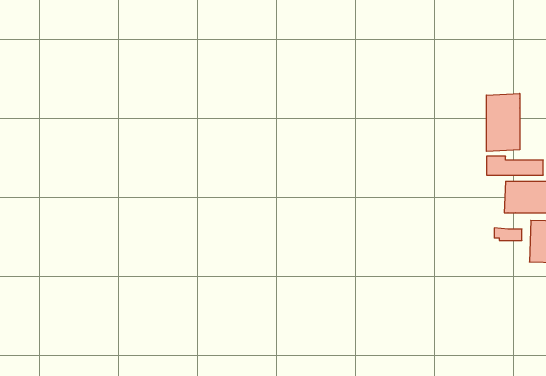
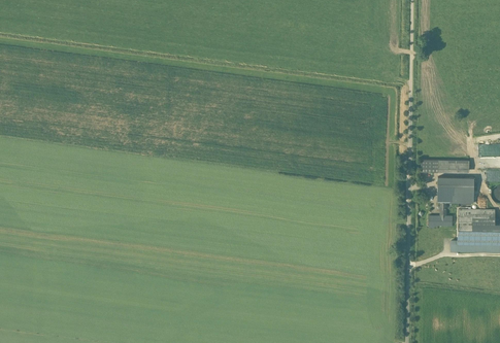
building: [486,93,520,151] -> none

